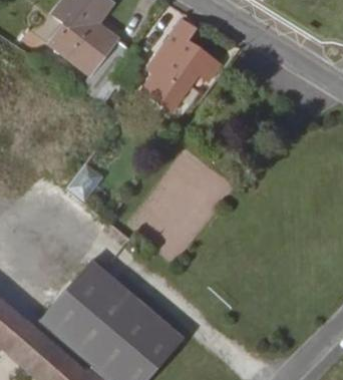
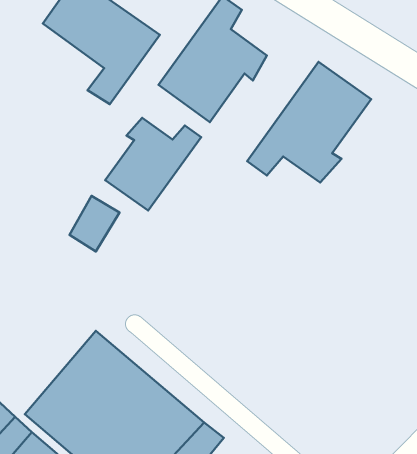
building: none -> [247,62,371,183]
building: none -> [105,118,201,211]

